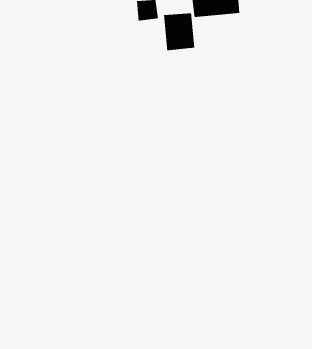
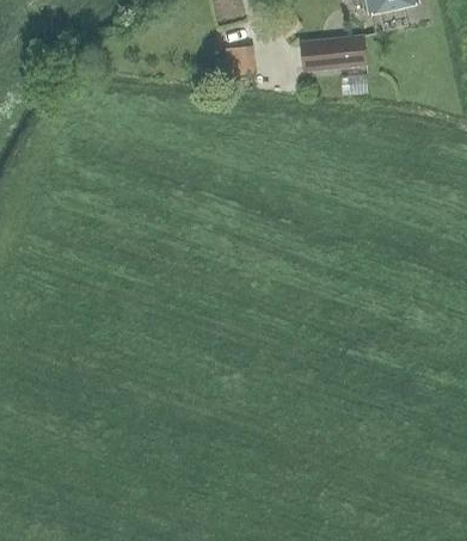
building: [164,12,195,51] -> none

